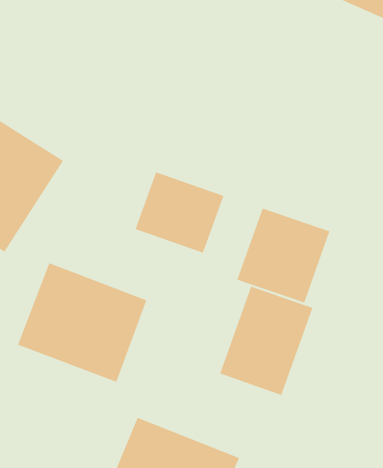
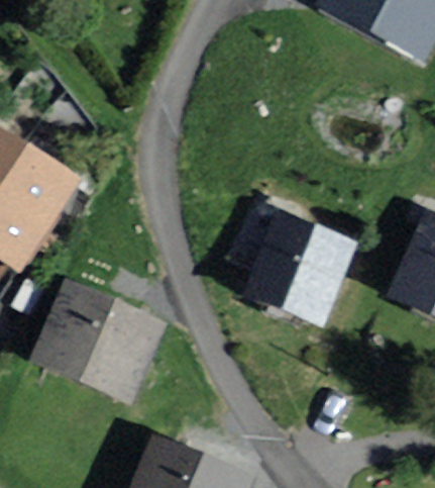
building: [135,171,224,254] -> none
building: [219,286,313,396] -> none

